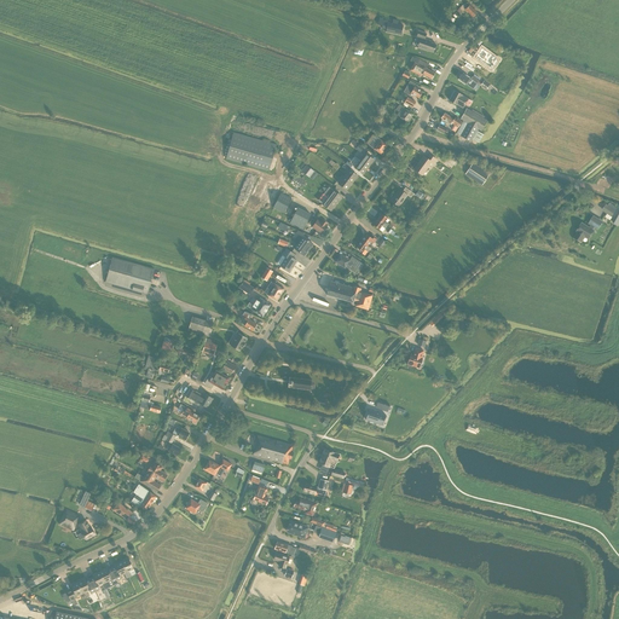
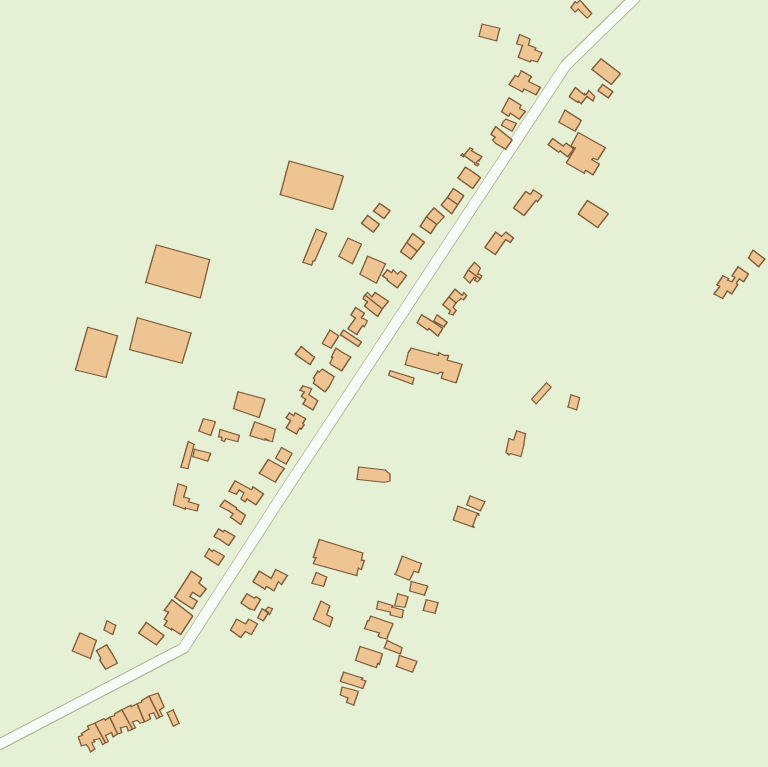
building: none -> [146,245,210,298]
building: none -> [76,327,117,378]

